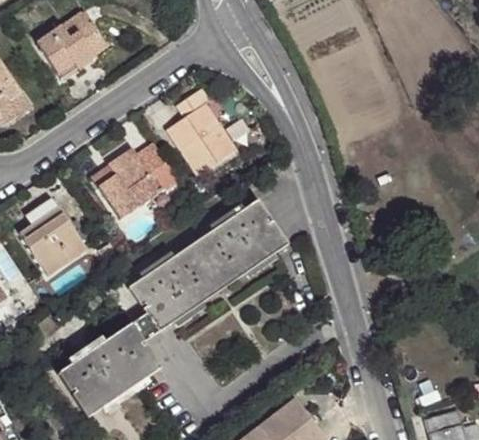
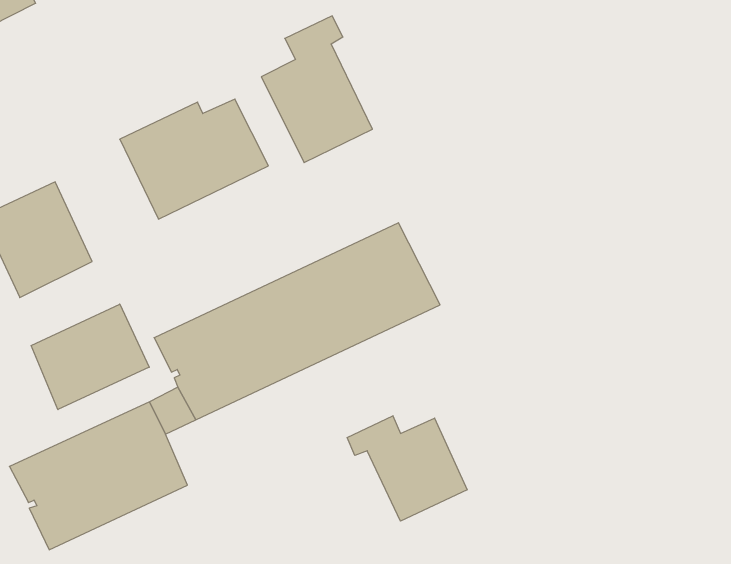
building: none -> [31,304,149,410]
building: none -> [347,416,467,521]

